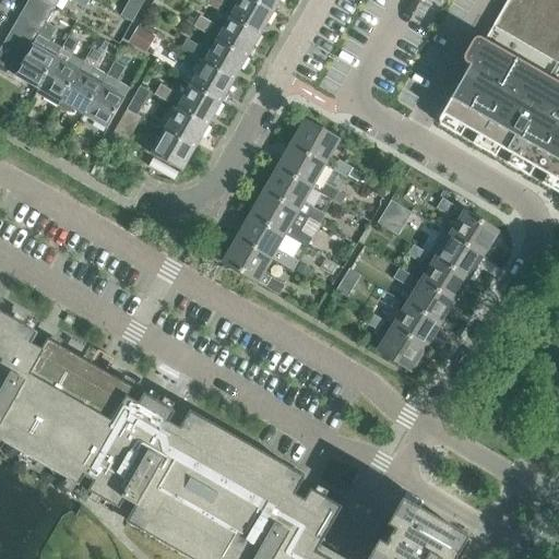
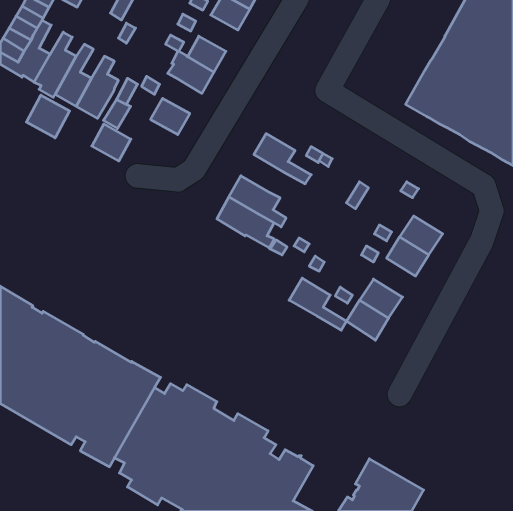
building: [216,16,259,56] -> none
building: [177,84,219,123] -> none
building: none -> [26,95,70,138]
building: [289,121,335,164] -> none
building: [151,130,193,170] -> [92,124,131,161]
building: [262,168,324,224] -> none
building: [450,211,496,254] -> none
building: [222,238,284,295] -> [289,278,346,330]
building: [406,281,452,323] -> none

